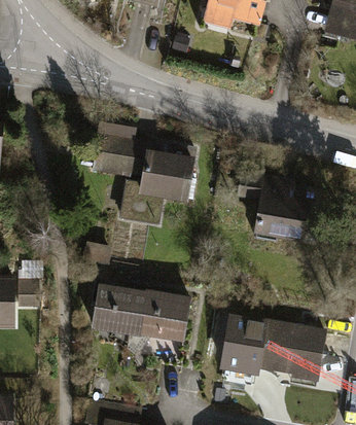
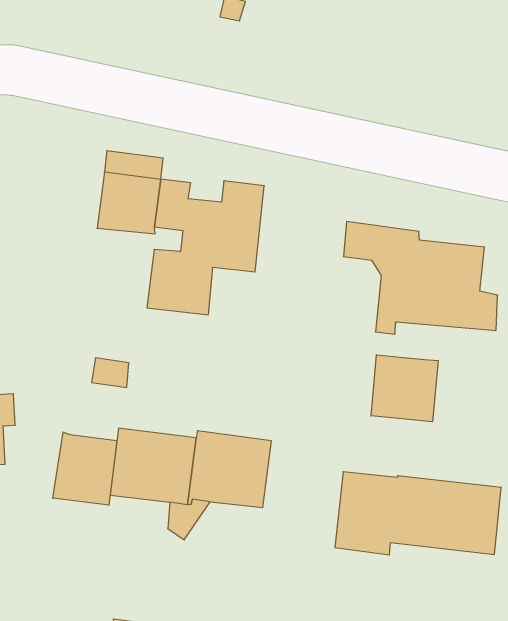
building: none -> [371,355,438,422]
building: none -> [53,432,117,505]

